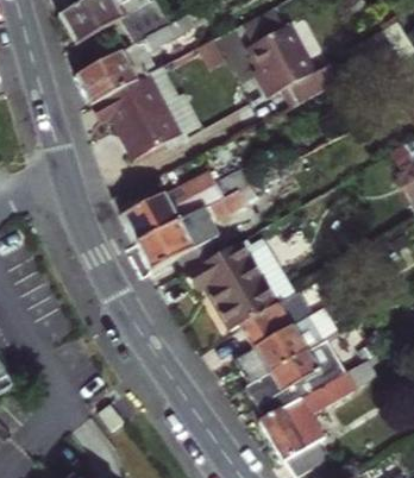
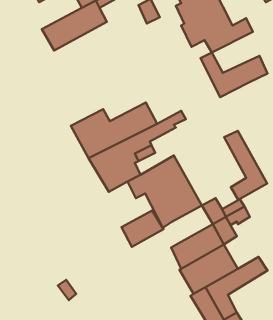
building: [92,67,201,159] -> none
building: none -> [200,52,267,97]
building: none -> [224,131,267,200]
building: [242,304,295,351] -> [122,211,163,247]

